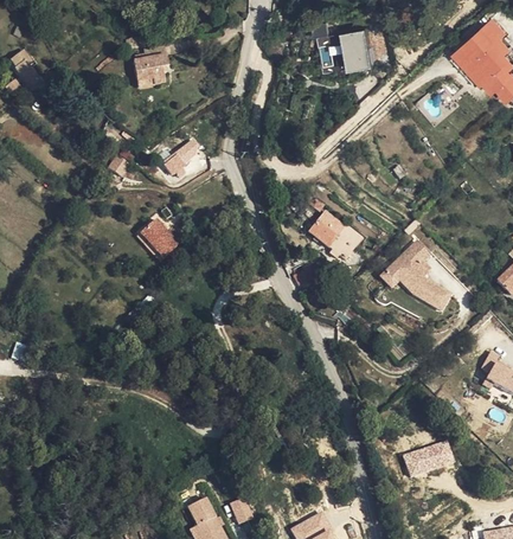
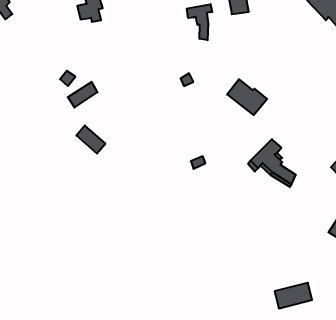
building: none -> [187,4,212,40]
building: [167,140,209,175] -> [68,82,98,108]
building: [308,211,364,261] -> [227,79,267,115]

